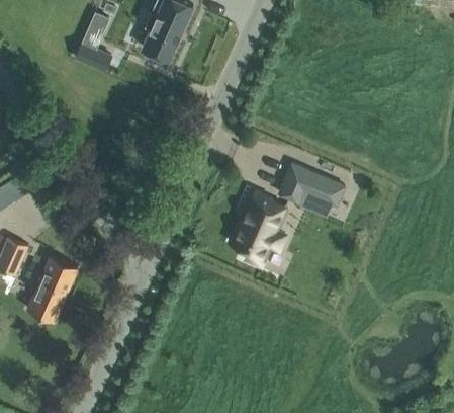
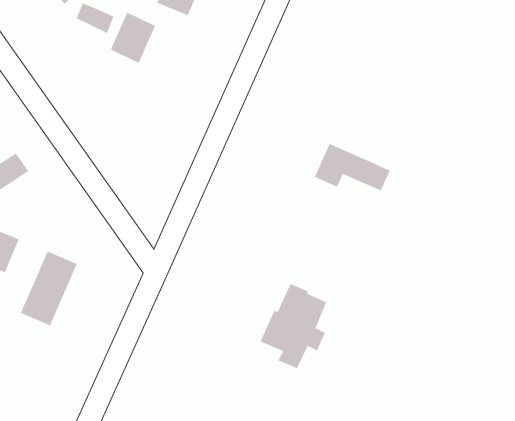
building: none -> [110,12,156,64]
building: [230,192,287,266] -> [260,283,327,369]

